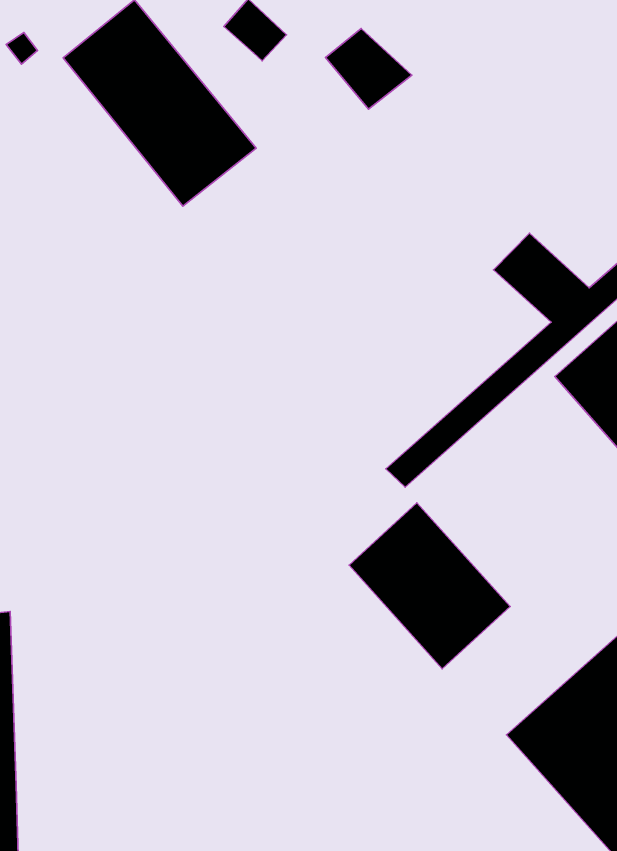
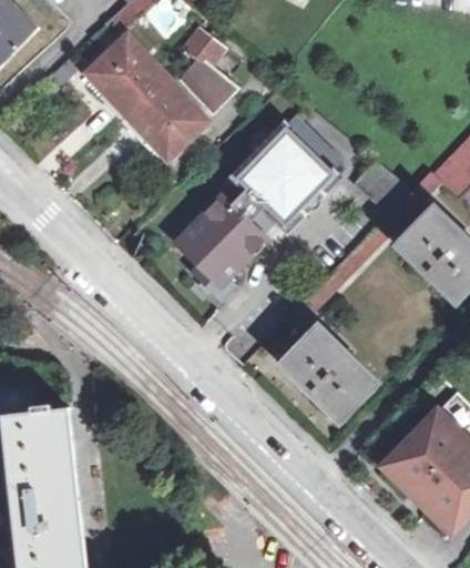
building: [325,28,412,109] -> [181,65,233,113]
building: none -> [177,120,339,304]

